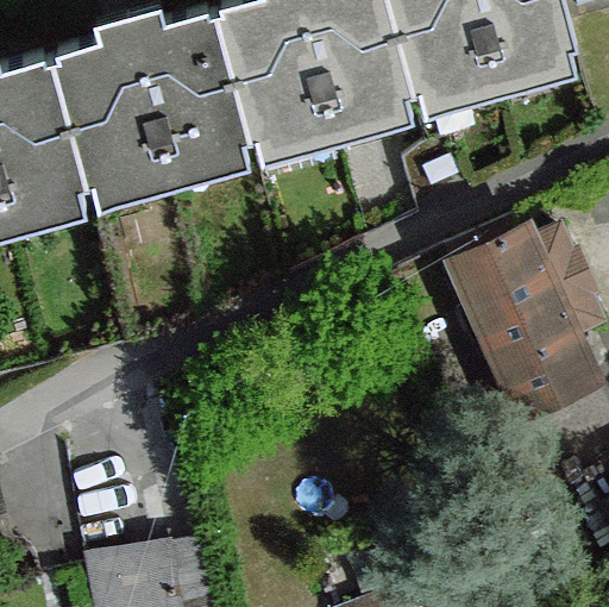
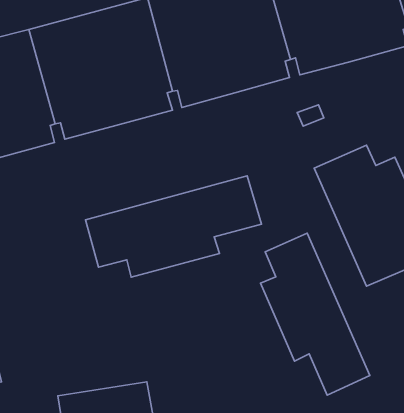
building: none -> [86,176,261,277]
building: none -> [261,233,370,395]

